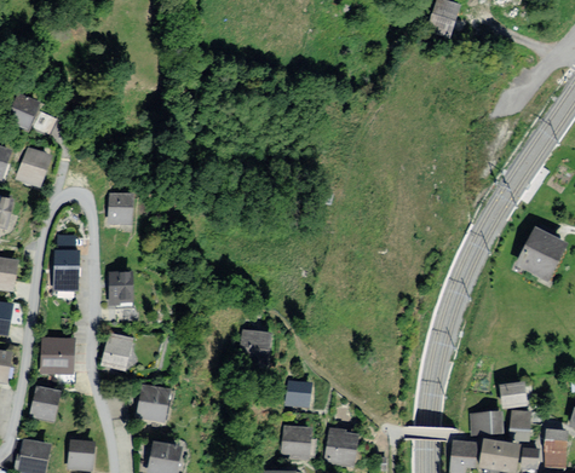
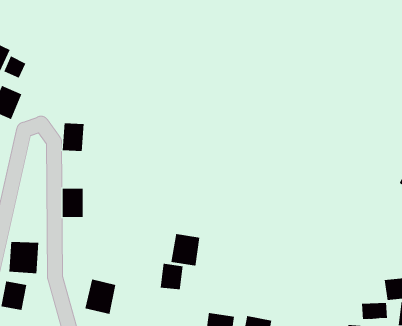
building: [53,244,84,290] -> none
building: [98,334,132,373] -> none
building: [286,374,315,406] -> [160,263,184,290]

